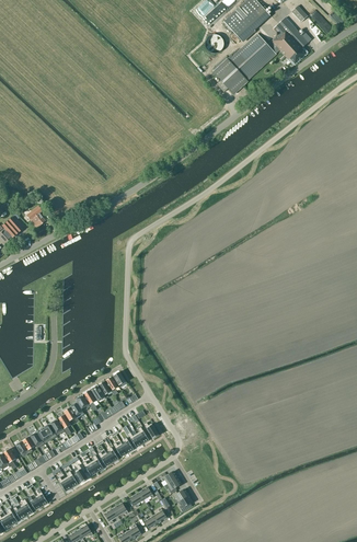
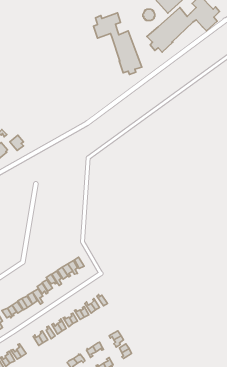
building: none -> [93,13,142,75]

